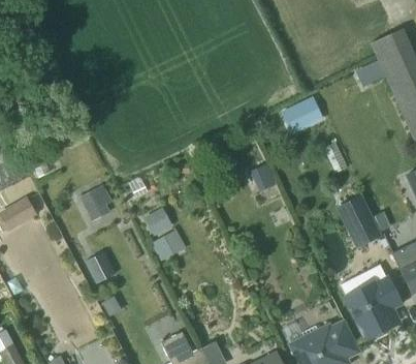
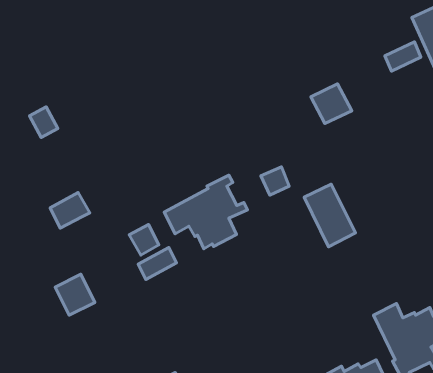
building: none -> [164,175,248,249]
building: [339,196,380,247] -> [304,184,355,247]

